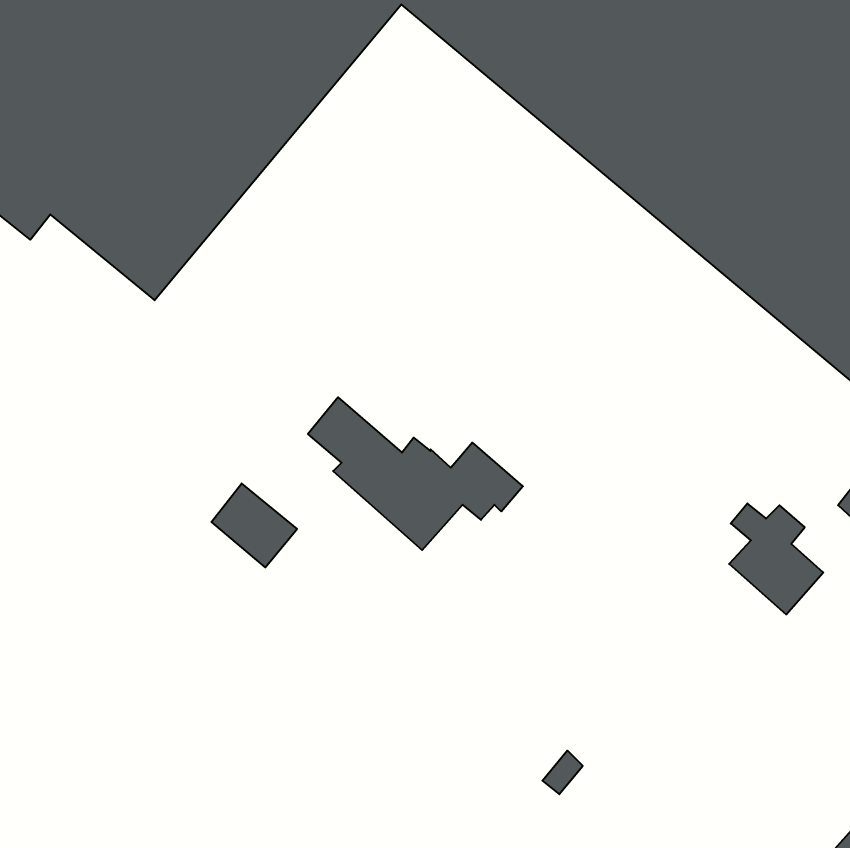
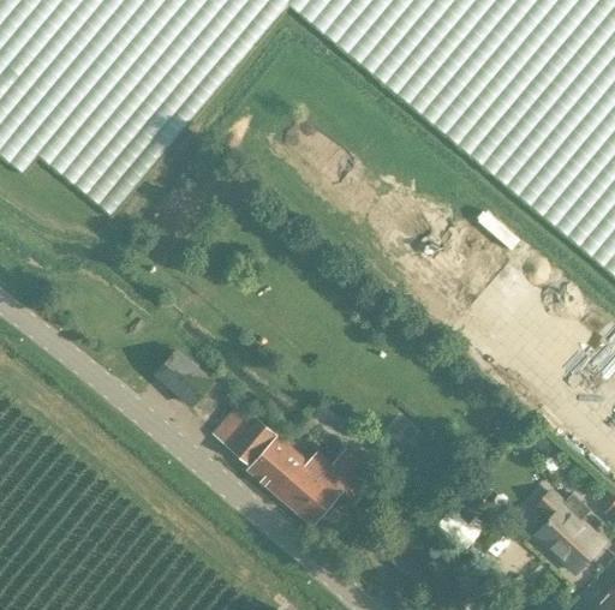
building: [308,397,523,550] -> [228,413,382,522]
building: [729,503,823,614] -> [537,494,604,573]

